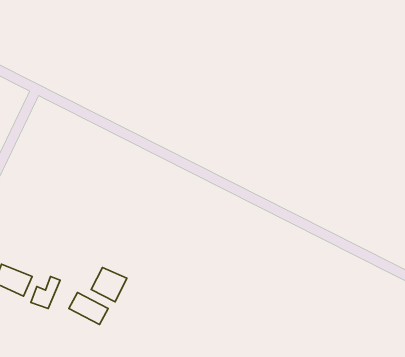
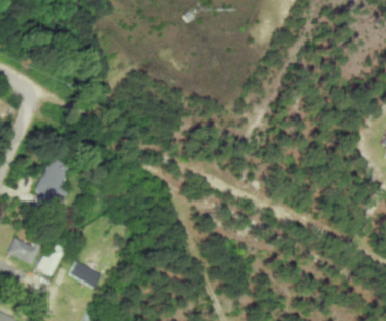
building: none -> [36,159,67,200]
building: [91,268,127,302] -> none

